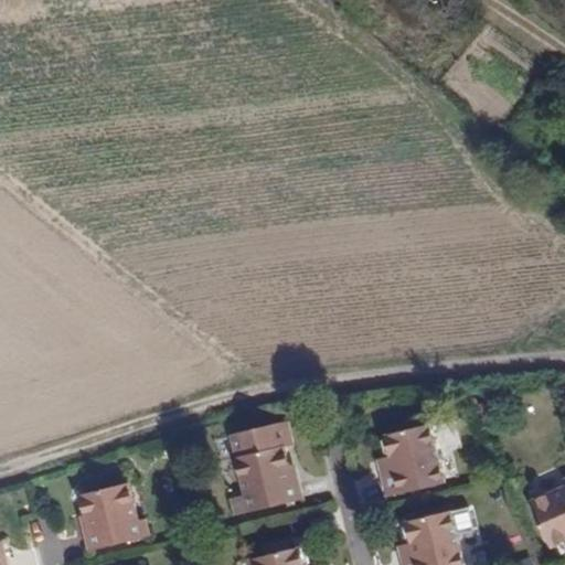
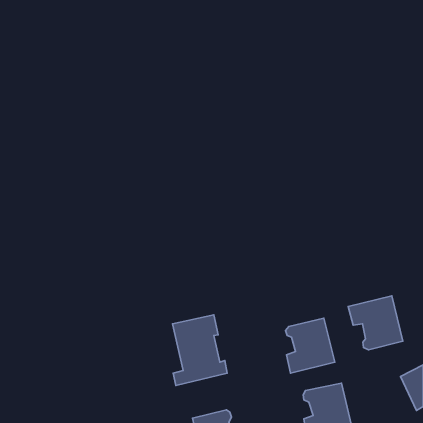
building: none -> [348,296,403,350]
building: [78,484,140,551] -> none

